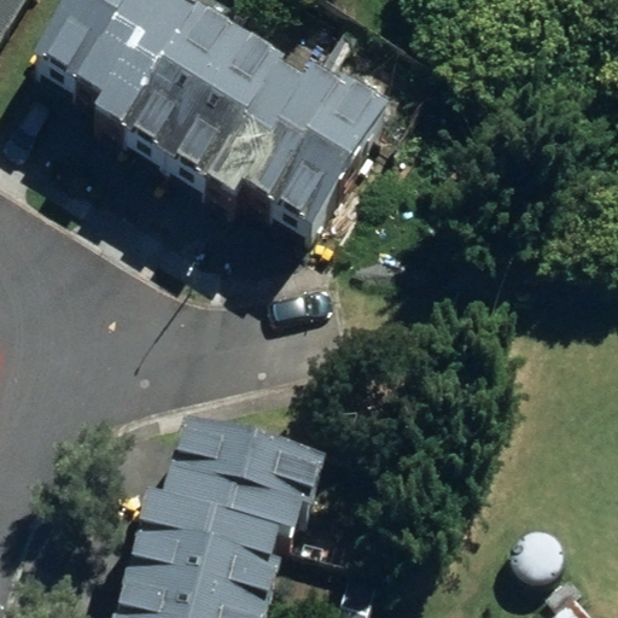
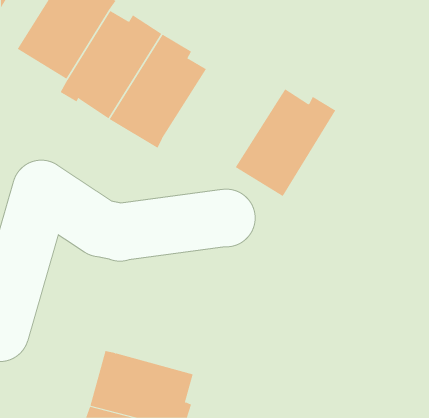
building: [237,86,381,240] -> [235,89,336,197]
building: [169,426,326,538] -> none

